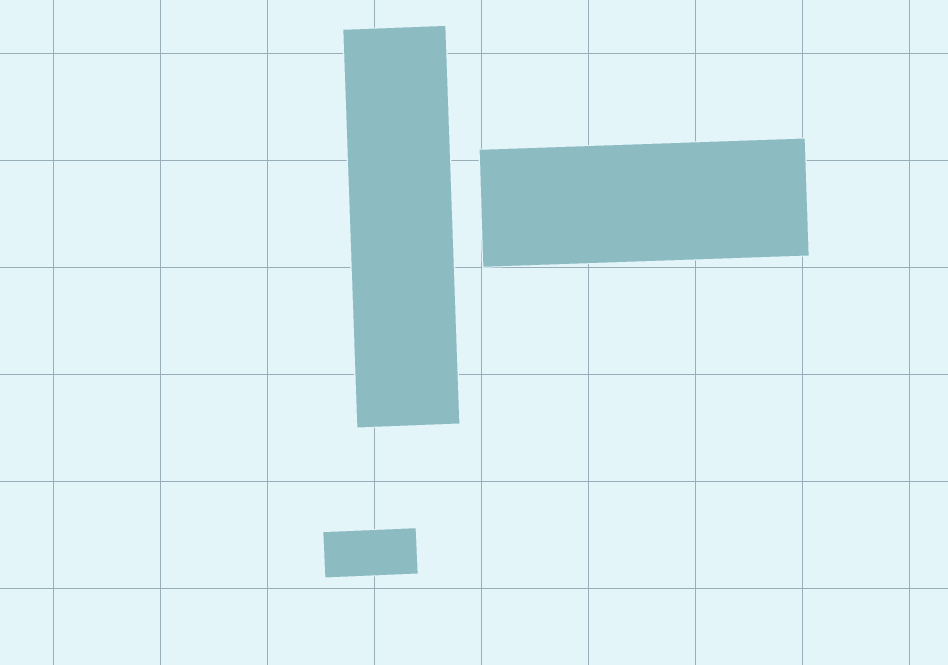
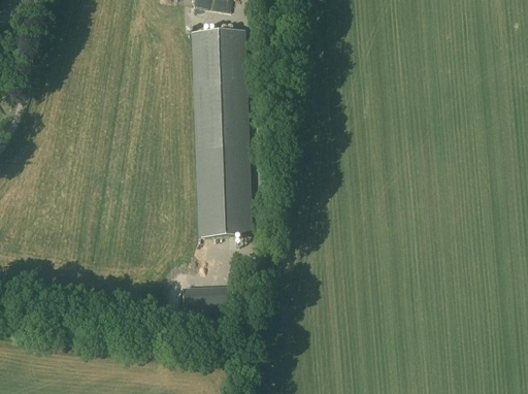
building: [479,138,809,267] -> none

